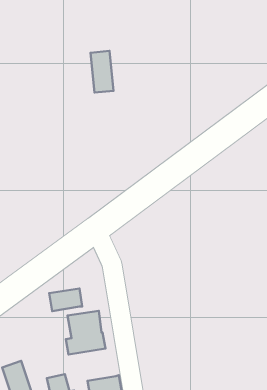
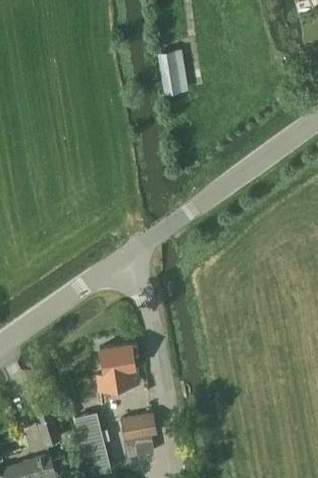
building: [91,51,113,93] -> [159,49,183,94]
building: [49,288,82,311] -> none

